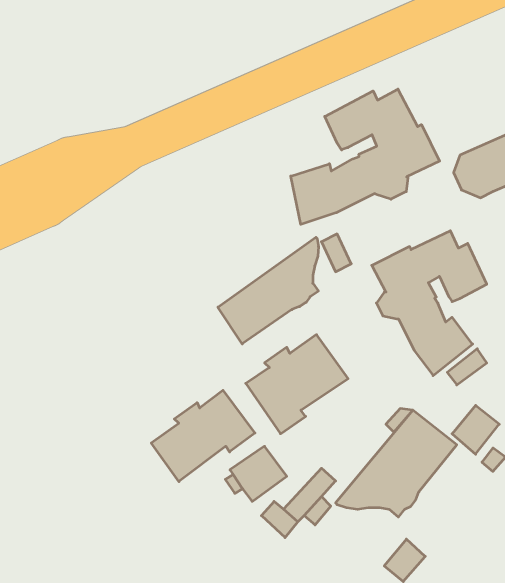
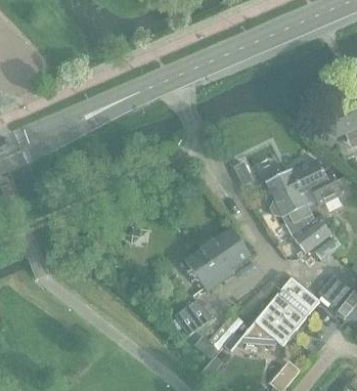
building: [291,89,440,224] -> none
building: [218,237,318,344] -> none
building: [151,390,255,482] -> none

